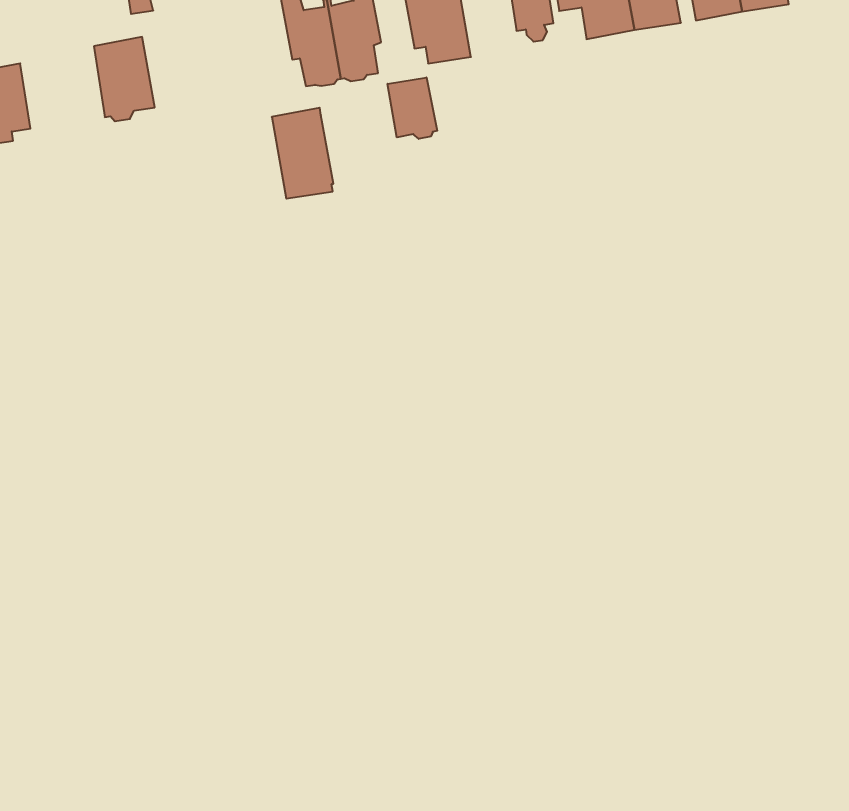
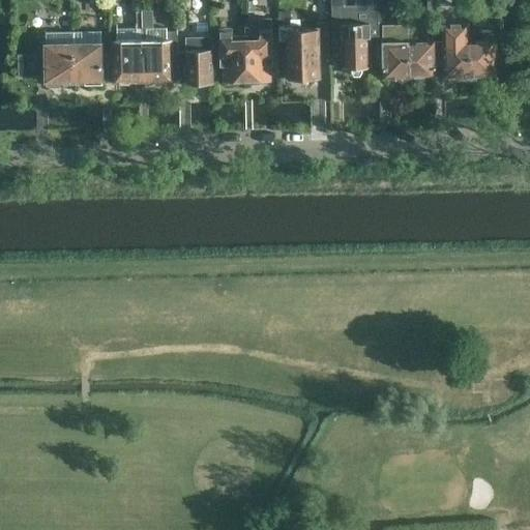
building: none -> [142,39,170,82]
building: none -> [73,43,102,84]
building: [388,77,437,139] -> none
building: [272,108,333,199] -> [185,35,213,82]

